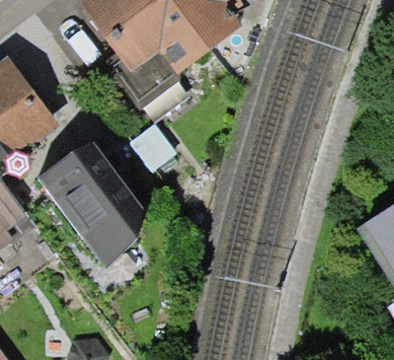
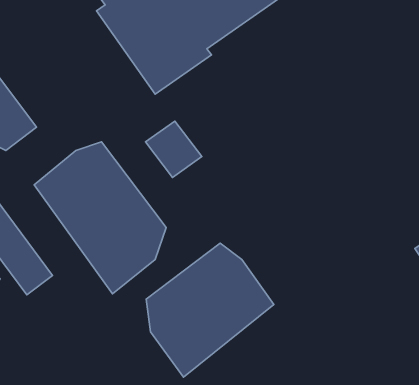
building: none -> [146,243,274,377]

